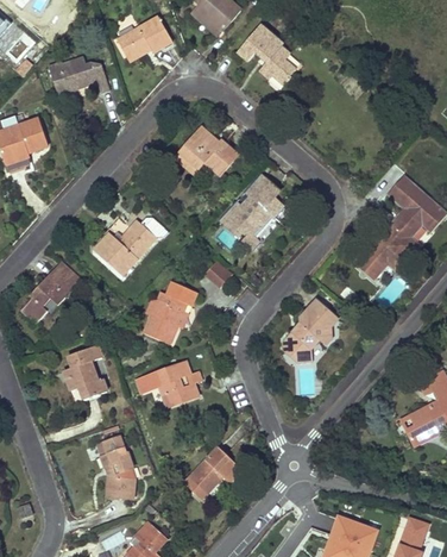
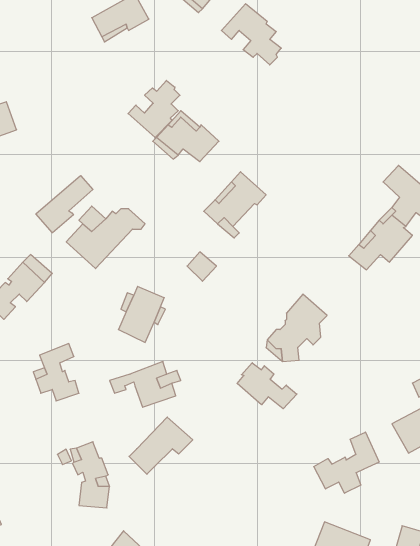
building: [49,58,109,95] -> none
building: none -> [128,80,180,138]
building: none -> [36,176,93,233]
building: none -> [237,363,297,409]
building: none -> [314,432,379,493]
building: [181,446,240,500] -> [129,417,193,474]

